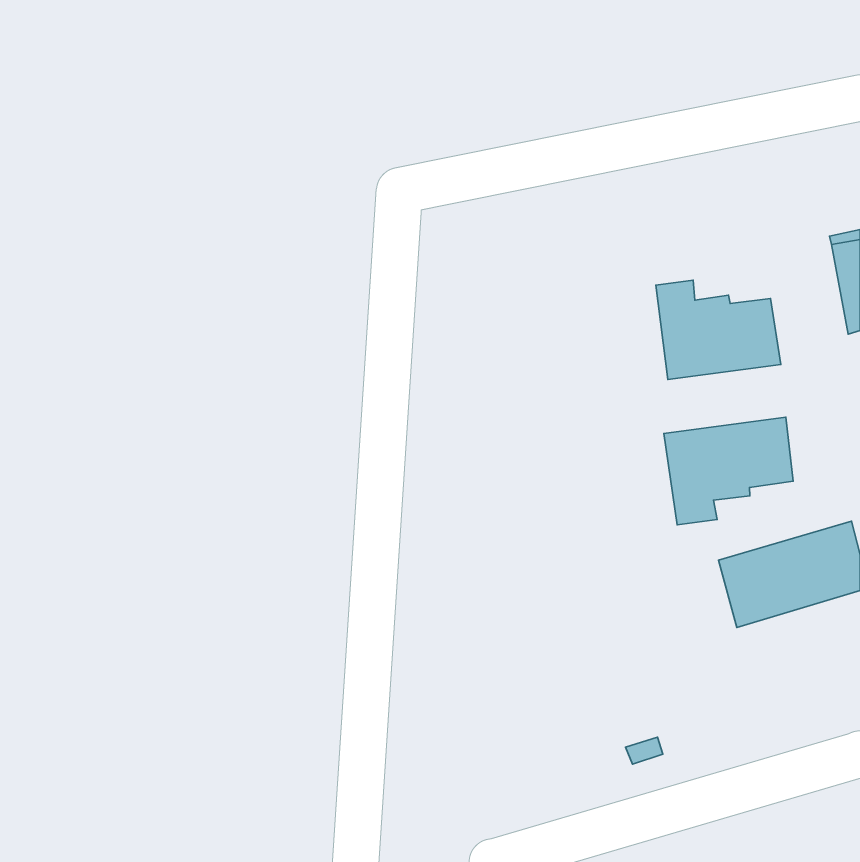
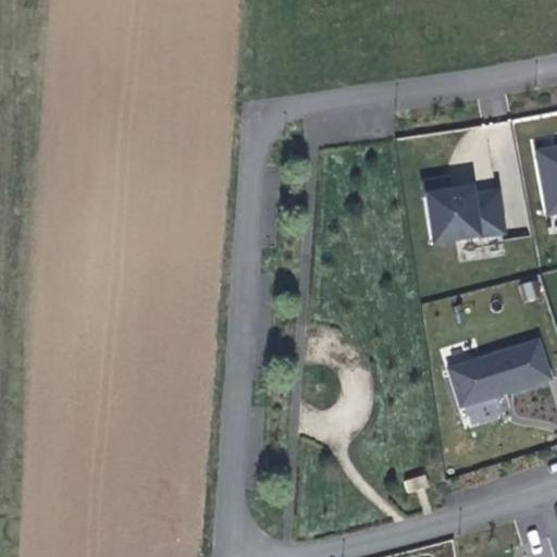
building: [664,417,793,525] -> none

